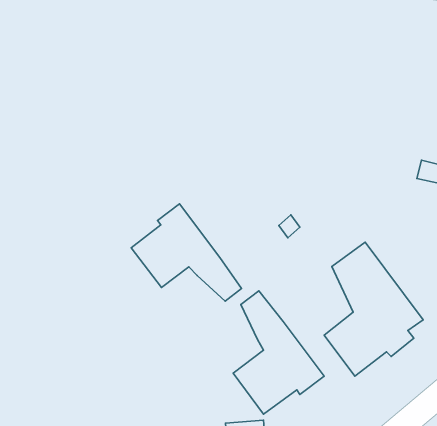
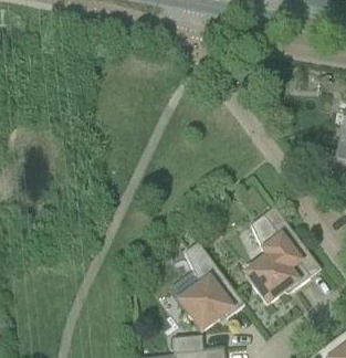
building: [131,204,242,301] -> none

